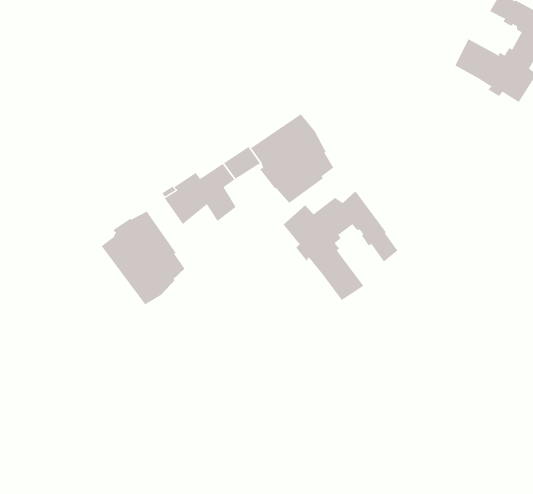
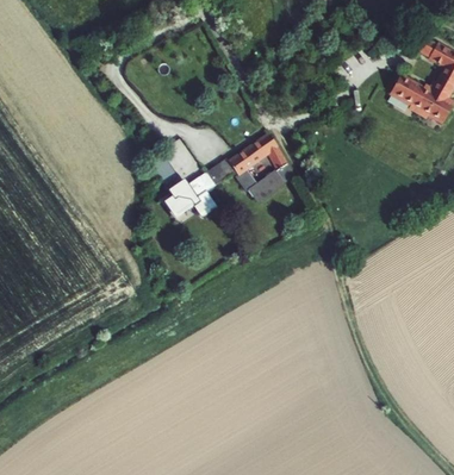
building: [283,191,398,301] -> none
building: [101,211,185,305] -> none

